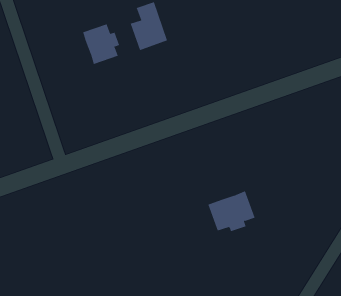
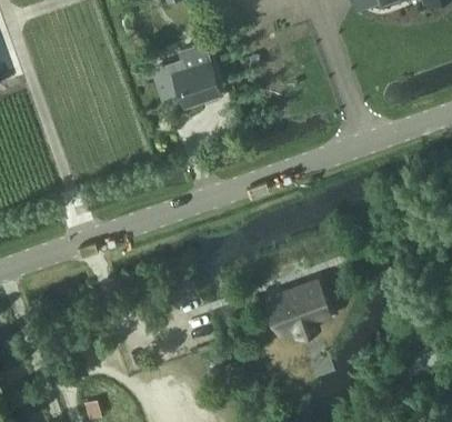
building: [82,23,120,65] -> none

